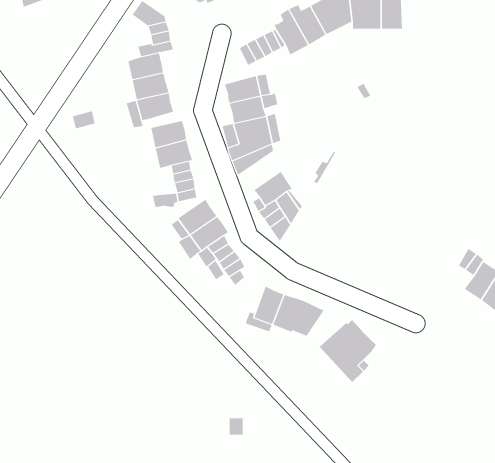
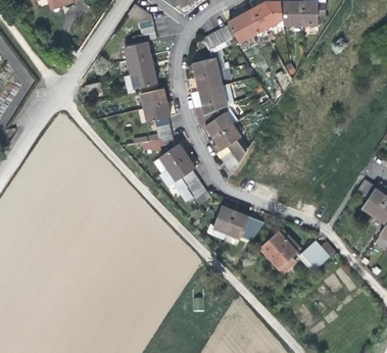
building: none -> [205,109,238,138]
building: none -> [298,241,335,271]

